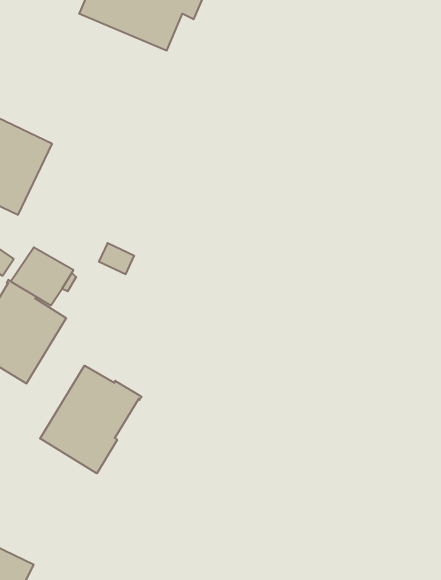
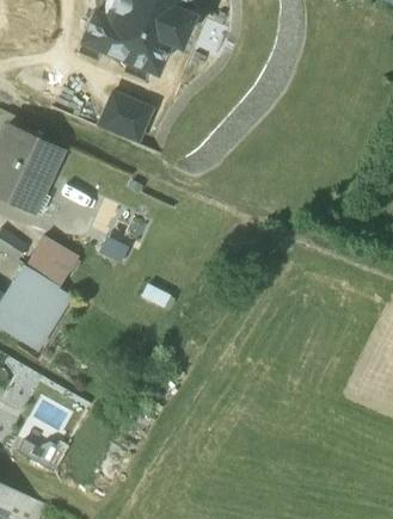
building: none -> [99,94,153,142]
building: [40,366,142,473] -> none

